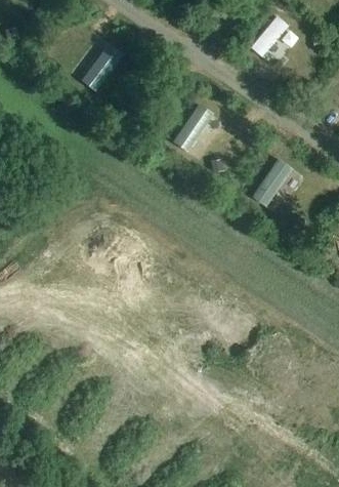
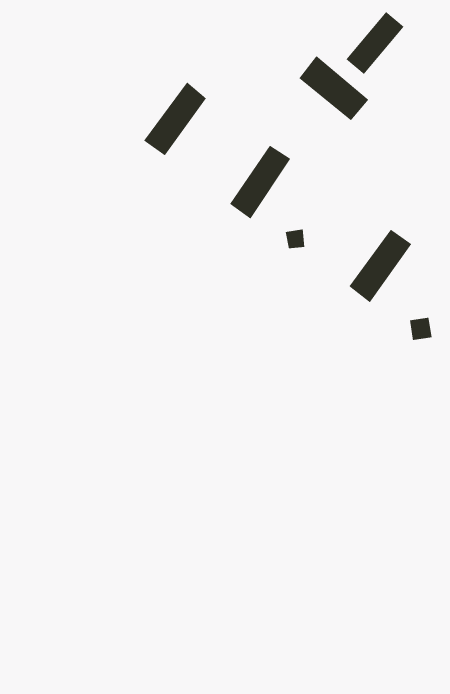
building: [80,42,122,91] -> [143,81,207,156]
building: none -> [299,55,369,121]

